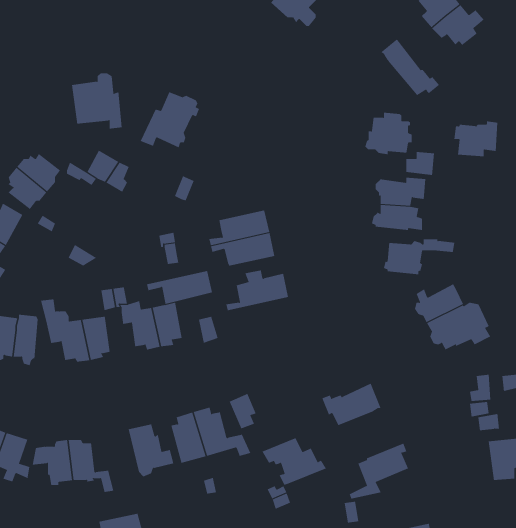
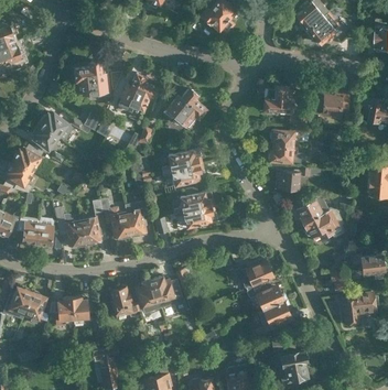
building: [380,38,440,97] -> none
building: none -> [161,90,206,129]
building: [146,270,213,305] -> [174,206,217,228]
building: [262,438,327,486] -> [246,280,288,311]

